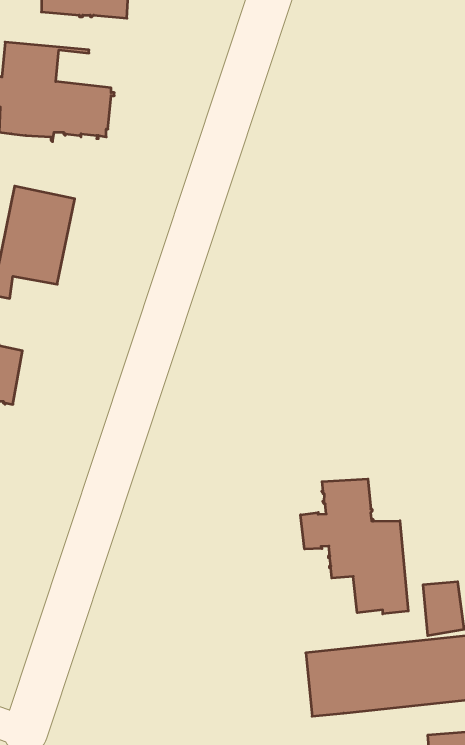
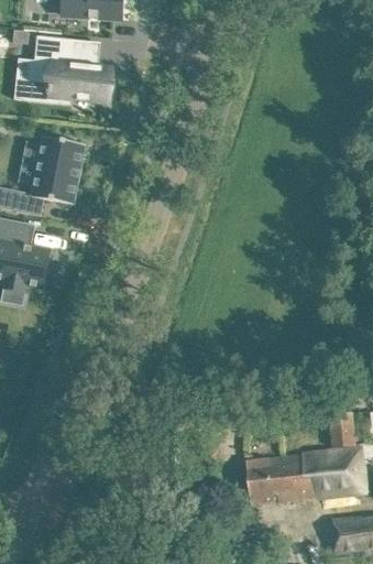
building: [301,479,408,614] -> none

